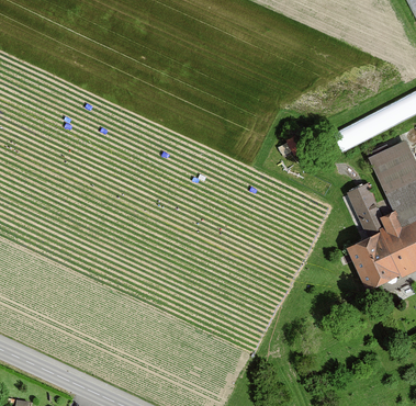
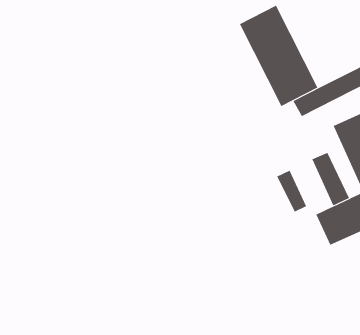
building: none -> [239,5,318,107]
building: none -> [276,170,307,213]

